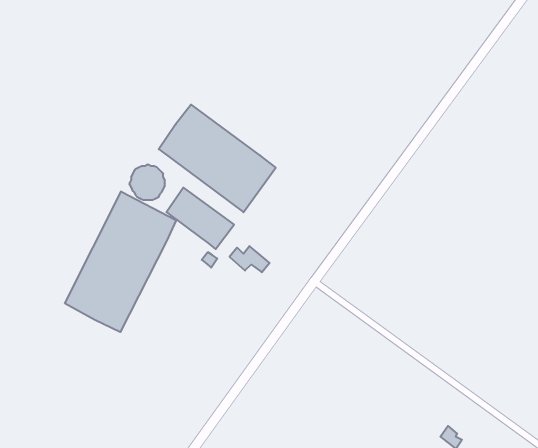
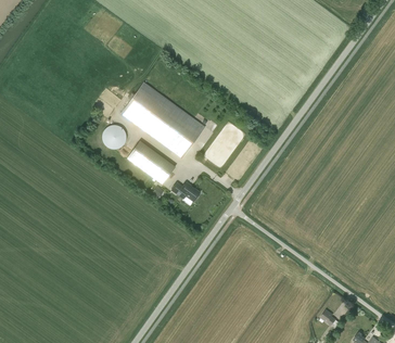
building: [65,191,176,332] -> none

